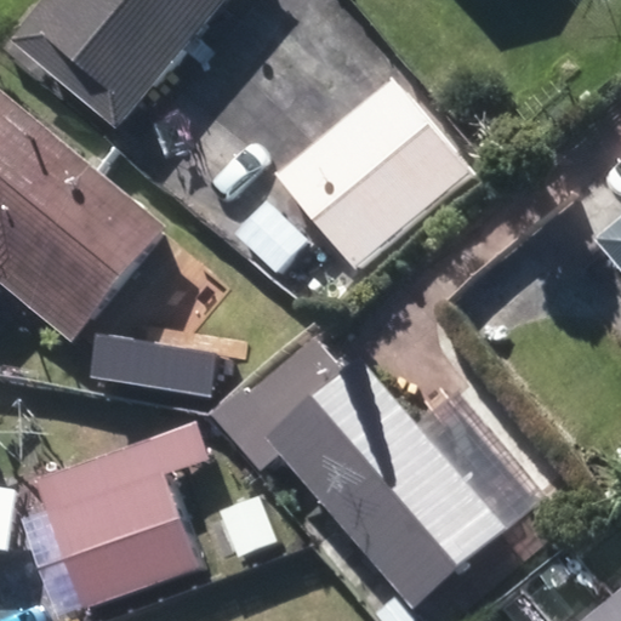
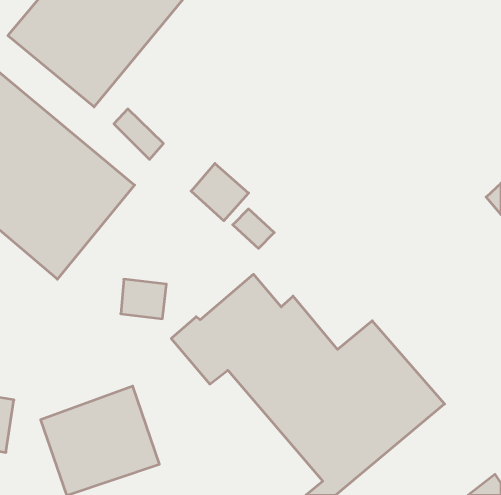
building: [277,79,469,266] -> none

